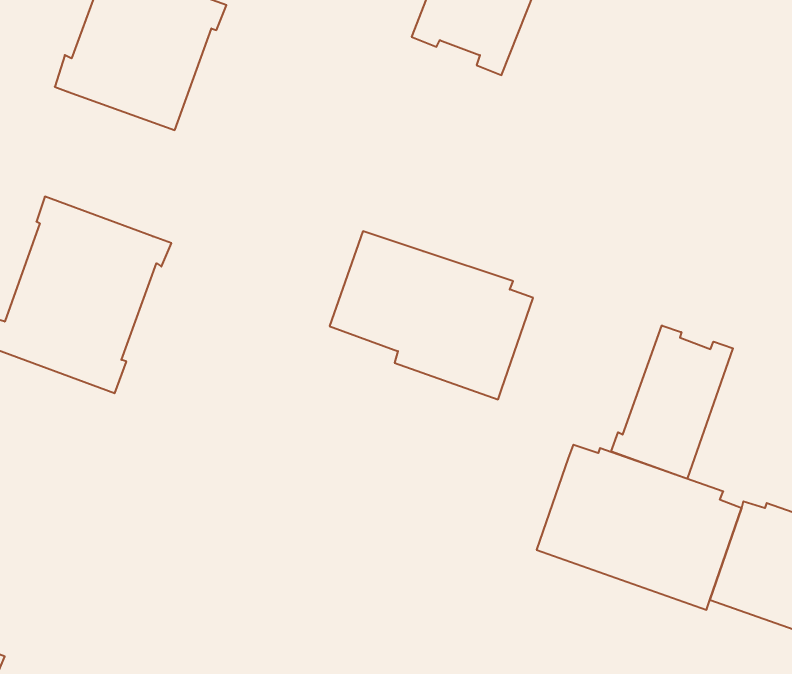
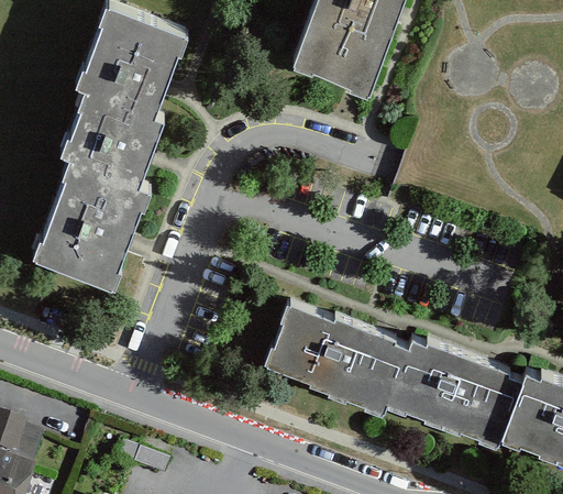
building: none -> [54,105,159,200]
building: [330,231,533,399] -> [275,303,409,414]
building: [611,325,733,479] -> none

